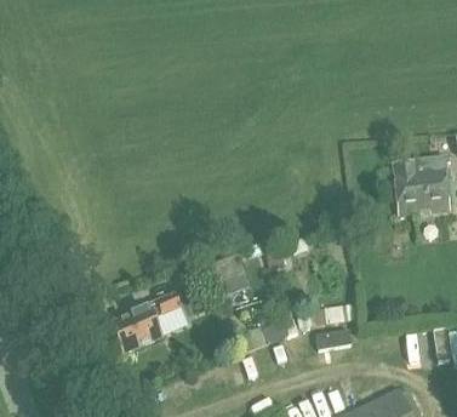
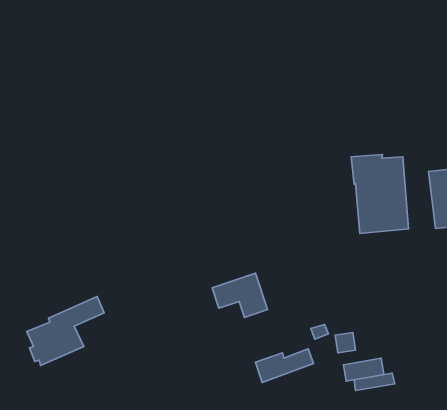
building: none -> [351,155,408,233]
building: [113,291,182,353] -> [27,296,104,365]

